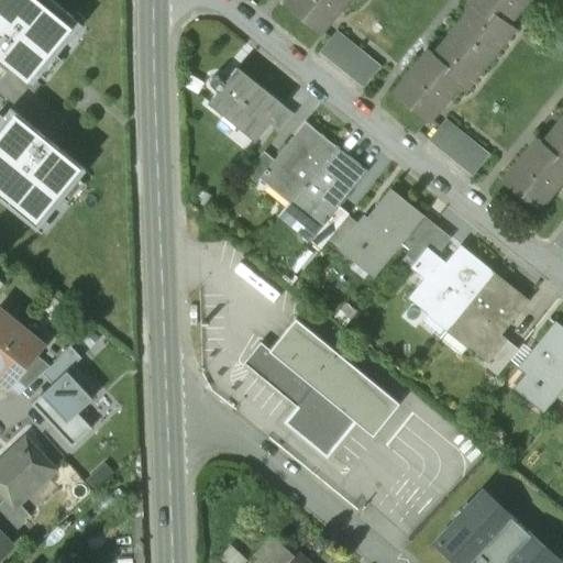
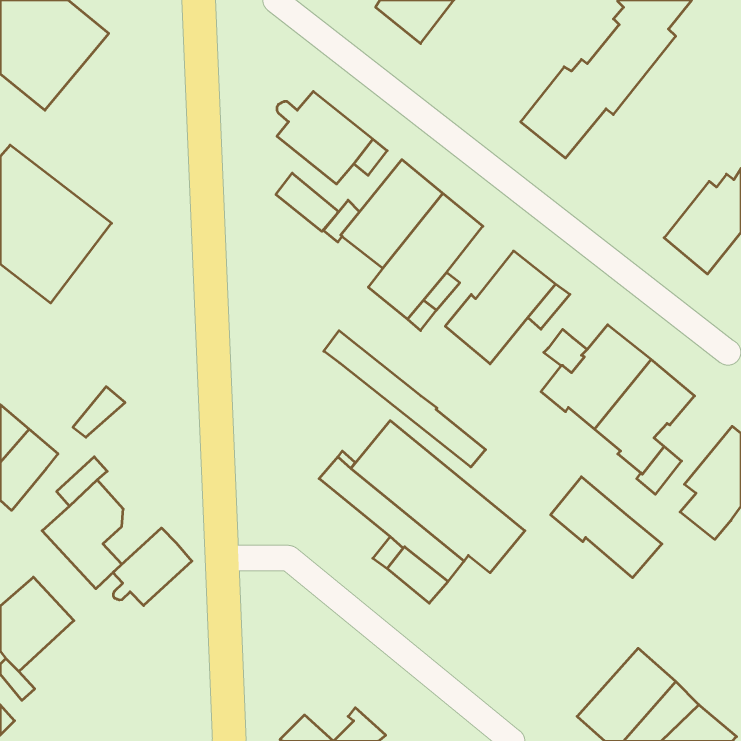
building: [319,32,379,87] -> none
building: [430,119,488,174] -> none
building: none -> [276,173,339,231]
building: [406,223,450,264] -> none
building: none -> [324,331,486,467]
building: [10,355,49,394] -> [73,387,125,437]
building: none -> [551,477,662,578]
building: none -> [113,528,192,606]

